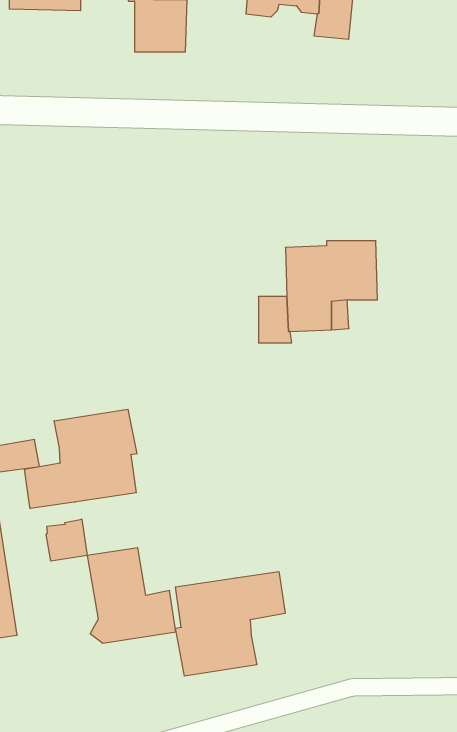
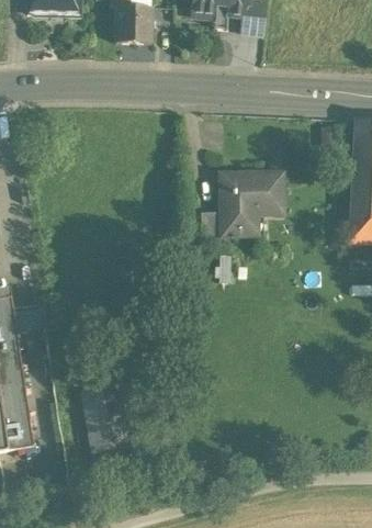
building: [25,409,137,509] -> none
building: [46,519,87,561] -> none
building: [175,572,285,676] -> none

